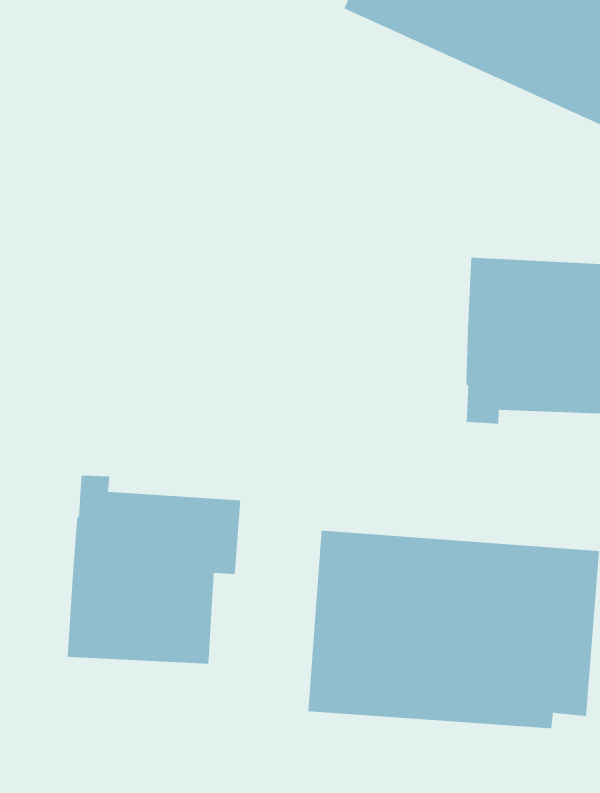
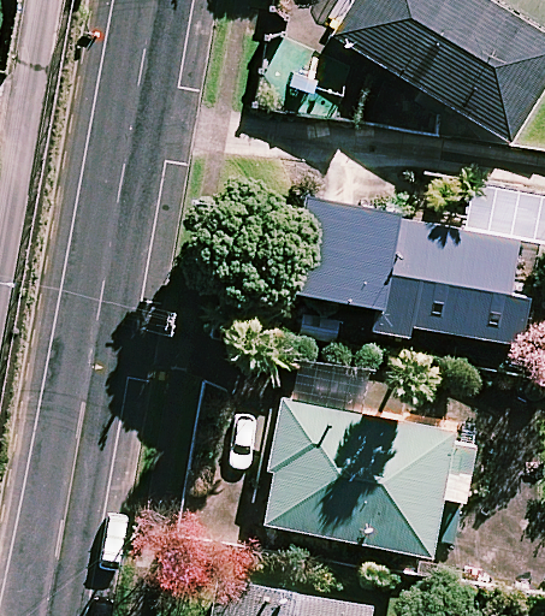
building: none -> [292,200,398,308]
building: [67,475,241,664] -> none

